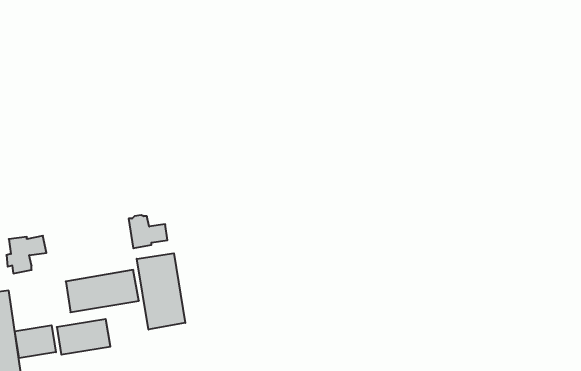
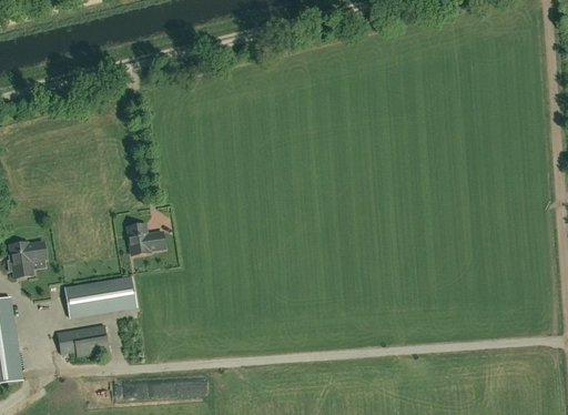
building: [137,253,185,330] -> none
building: [15,325,56,358] -> none

